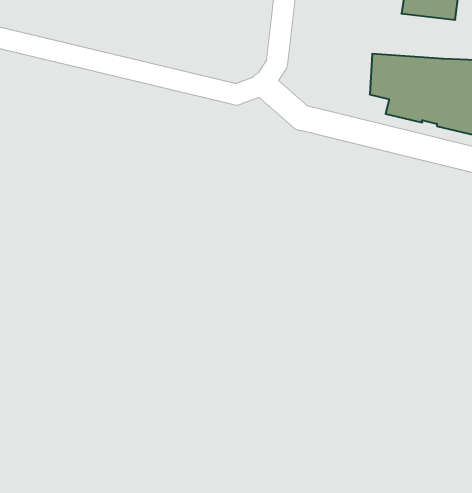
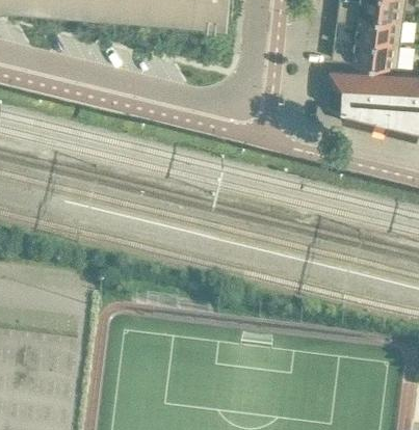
building: none -> [332,19,401,50]

